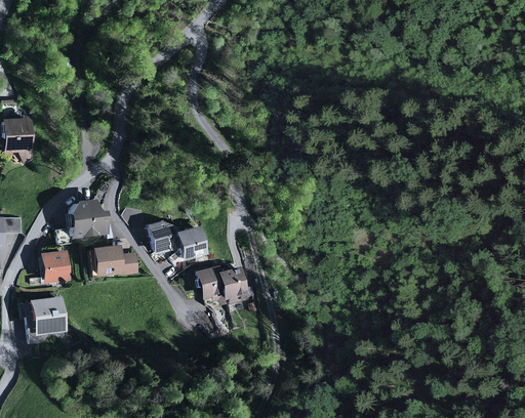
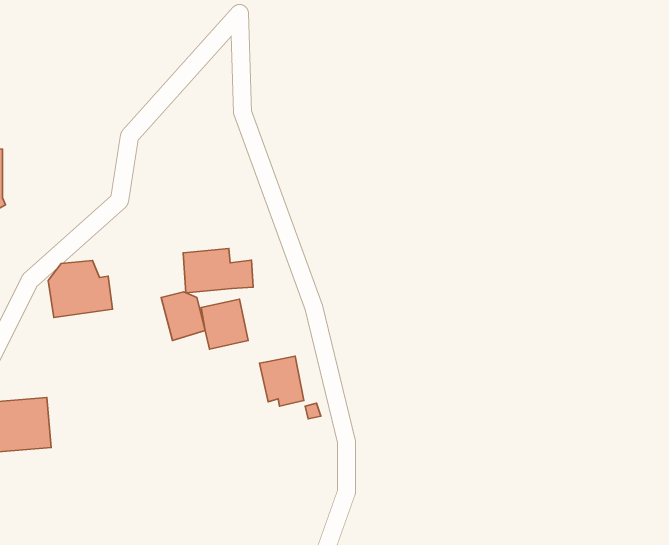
building: [89,245,139,277] -> [183,249,253,293]
building: [38,250,72,283] -> none
building: [194,265,230,305] -> none

